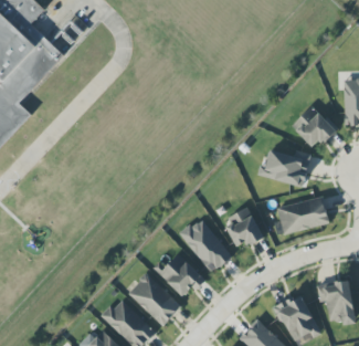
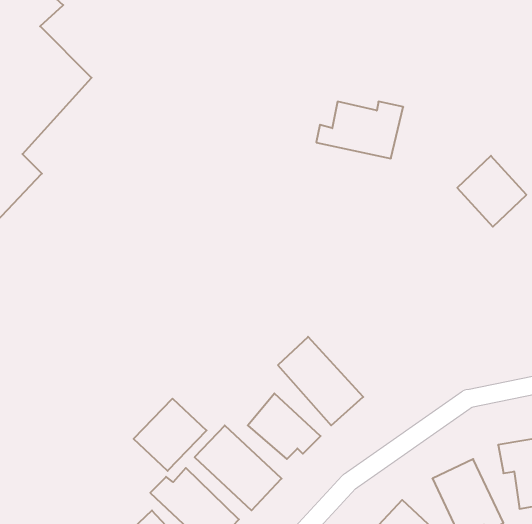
building: [256,150,310,186] -> [316,102,403,158]
building: [276,197,328,234] -> none
building: [223,207,262,249] -> none
building: none -> [134,399,207,471]

